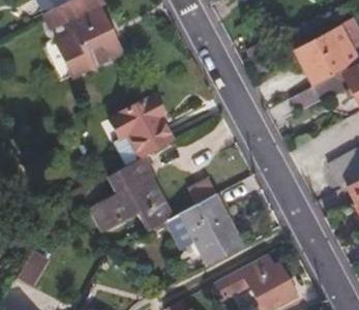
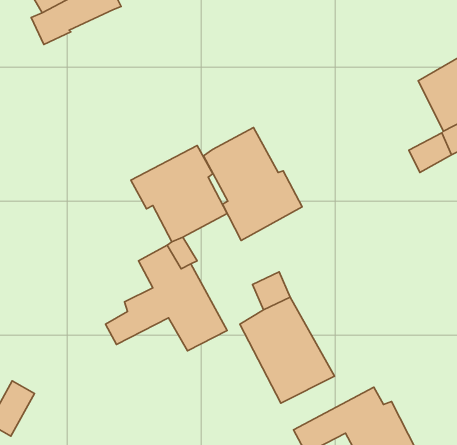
building: [59,7,121,75] -> none
building: none -> [203,127,302,240]

